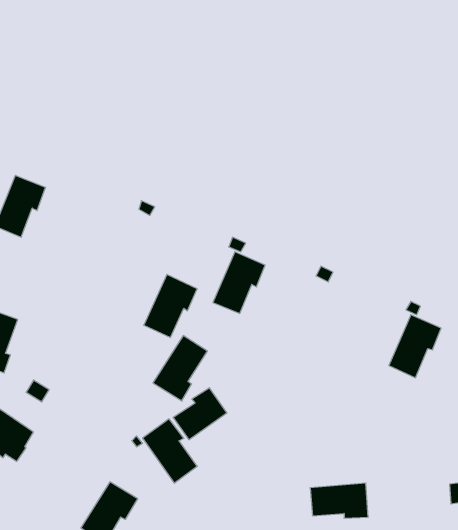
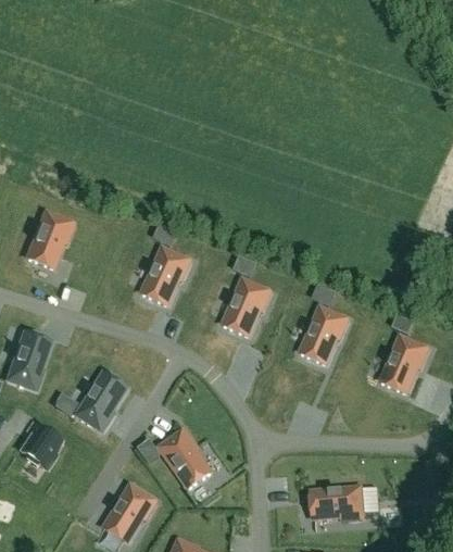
building: [144,274,197,337] -> [141,247,189,303]
building: none -> [300,306,347,362]
building: [153,336,207,401] -> [77,371,126,429]
building: [173,388,227,440] -> none

